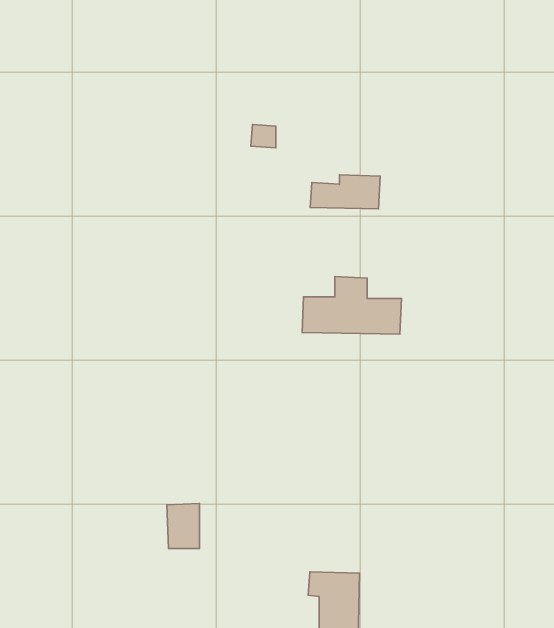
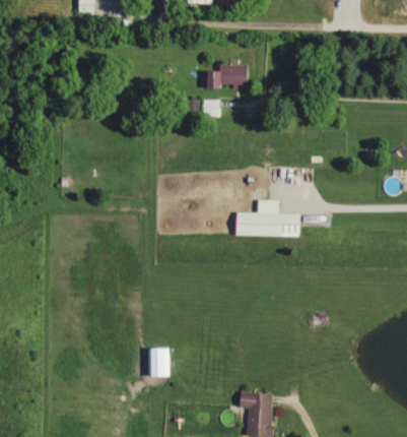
building: [310,175,380,209] -> [203,64,249,86]

